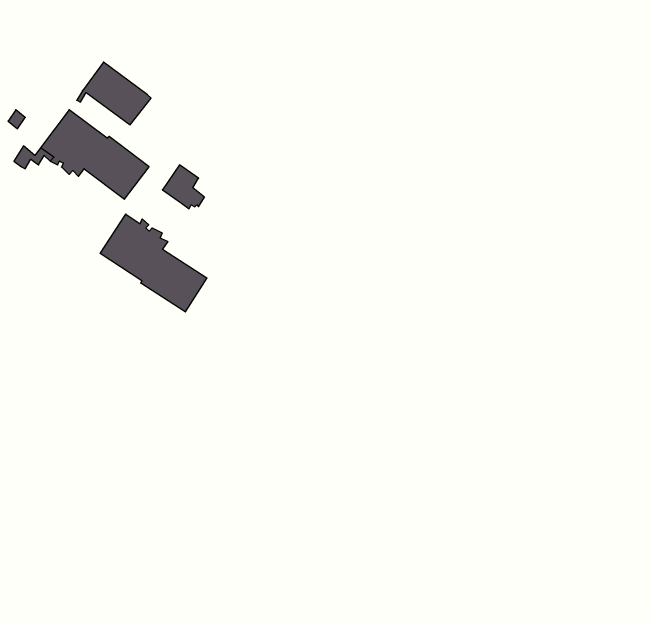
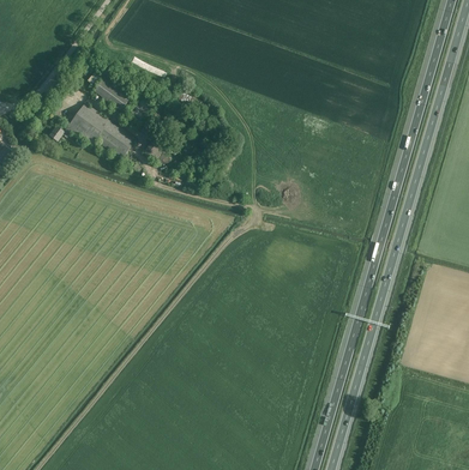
building: [100,214,207,312] -> none

